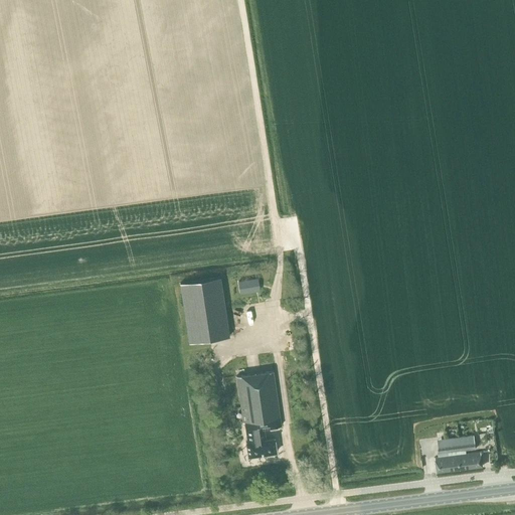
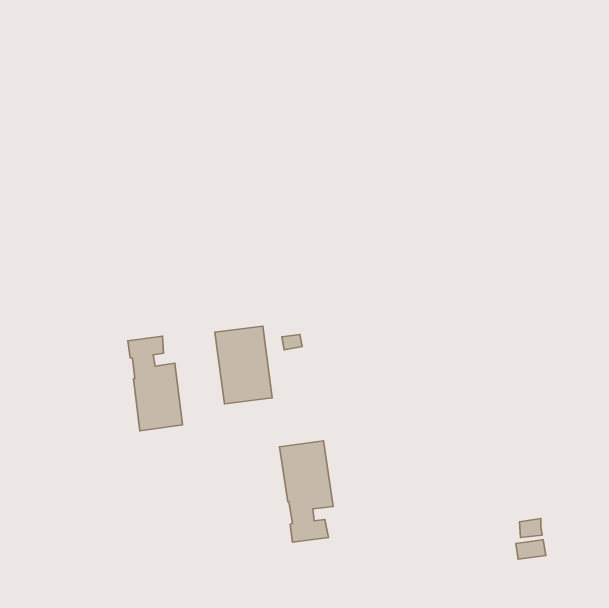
building: none -> [128,336,183,431]
building: [457,437,483,470] -> none

